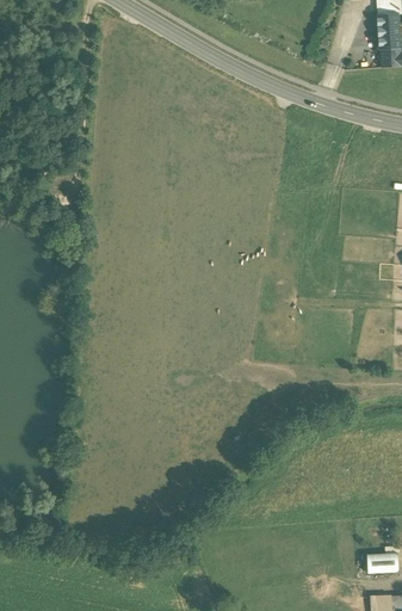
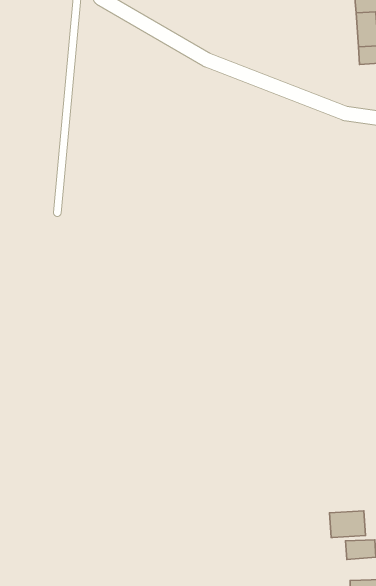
building: none -> [330,511,366,538]

